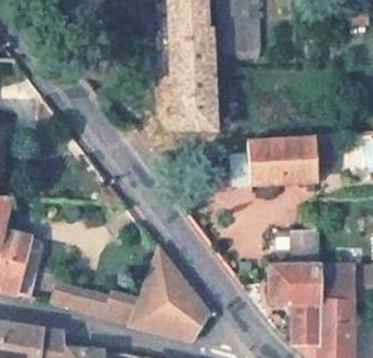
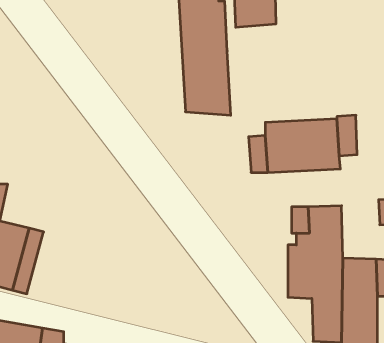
building: [56,248,208,338] -> none

